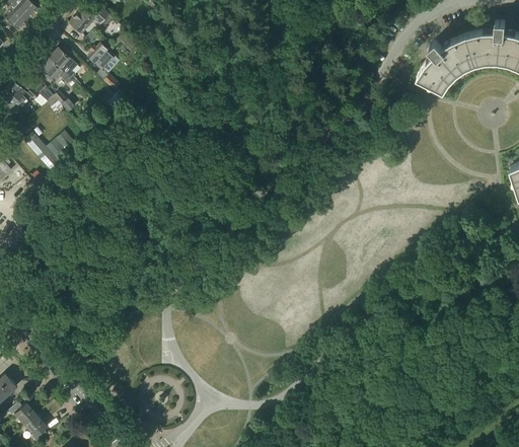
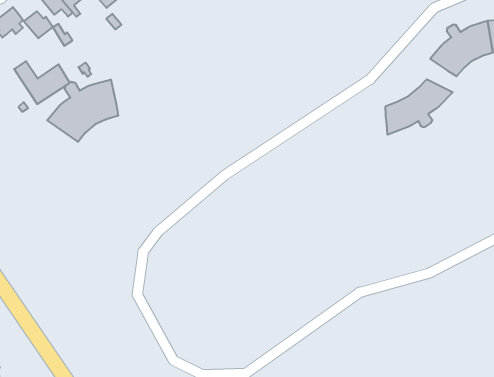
building: none -> [386,79,453,135]
building: none -> [47,79,118,142]

